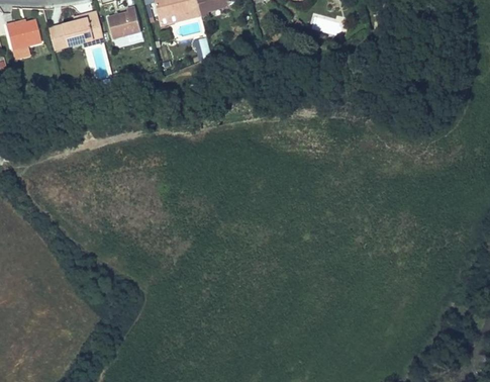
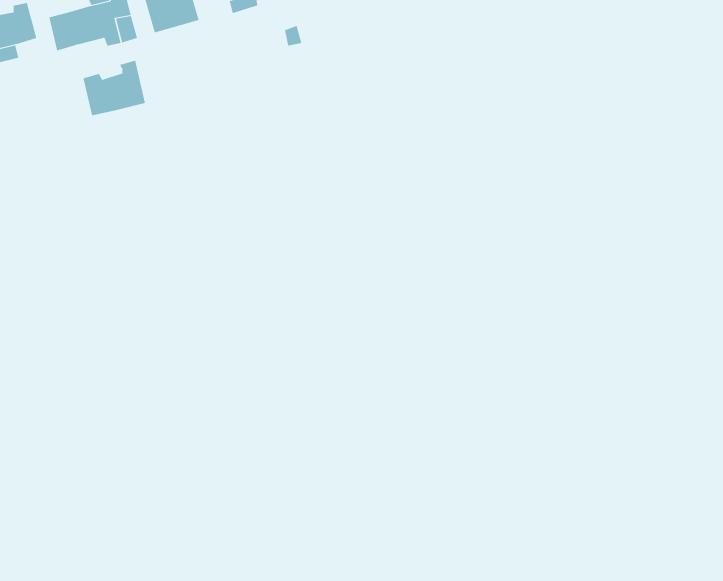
building: none -> [83,60,146,116]

